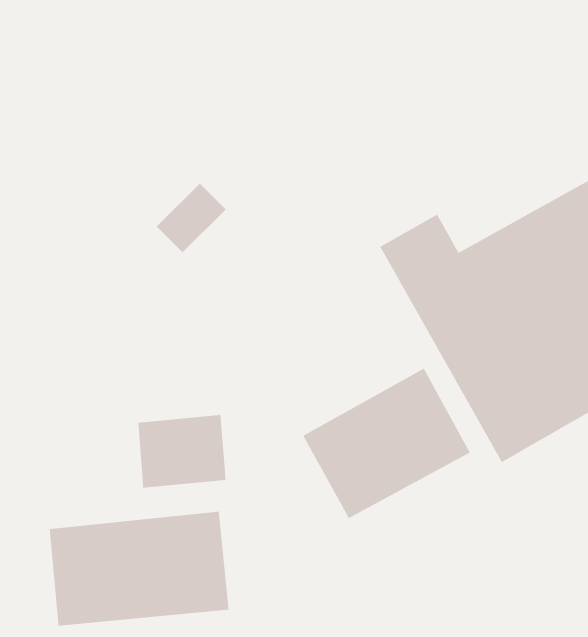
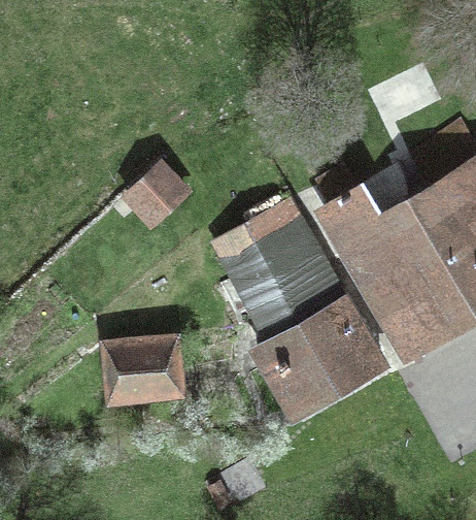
building: none -> [215,209,314,322]
building: [49,511,230,626] -> none

